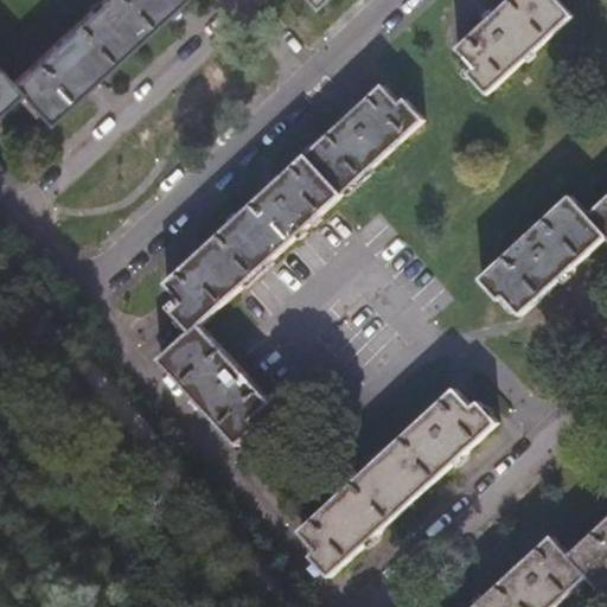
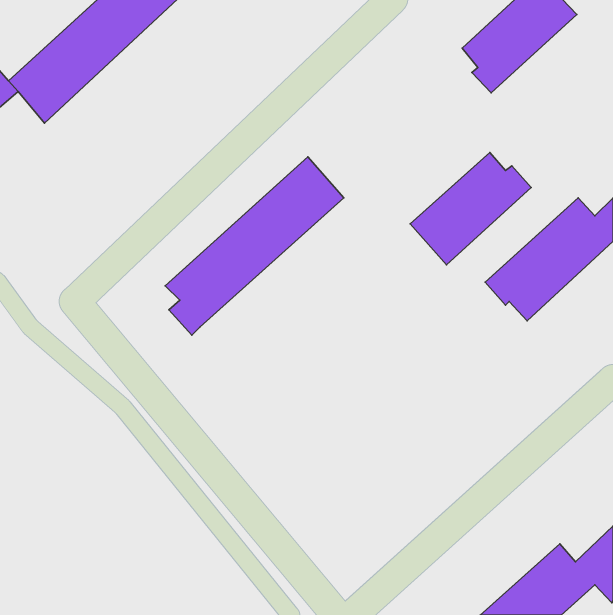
building: [302,84,421,194] -> [410,153,531,265]
building: [158,321,268,442] -> none
building: [299,389,496,576] -> none

